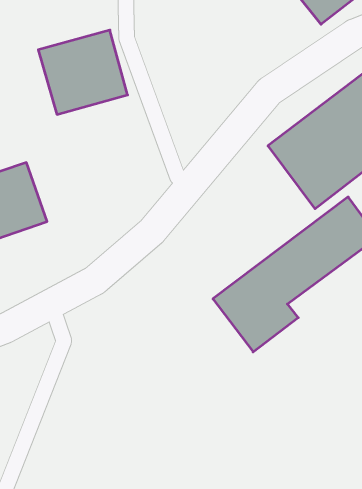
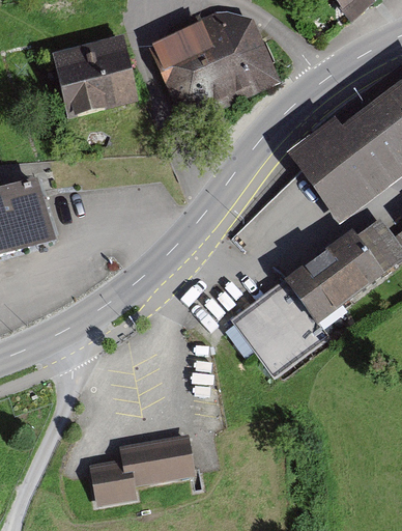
building: none -> [151,8,280,119]
building: none -> [90,435,195,504]

